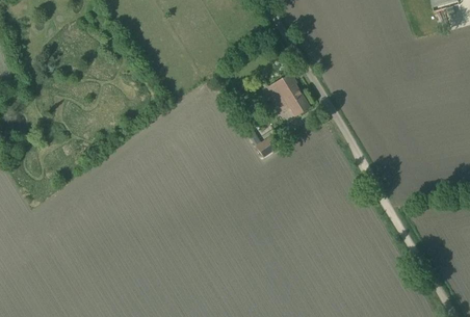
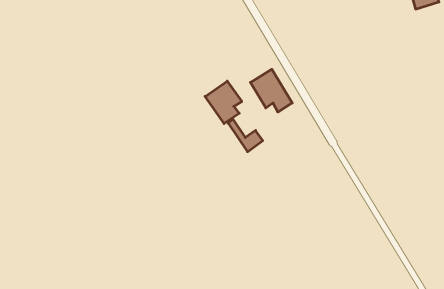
building: none -> [205,81,242,124]

